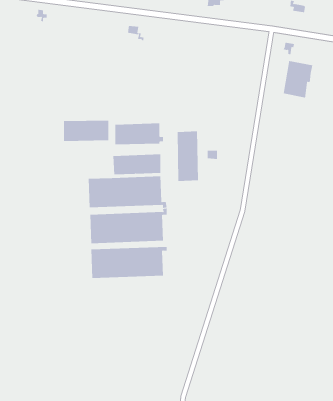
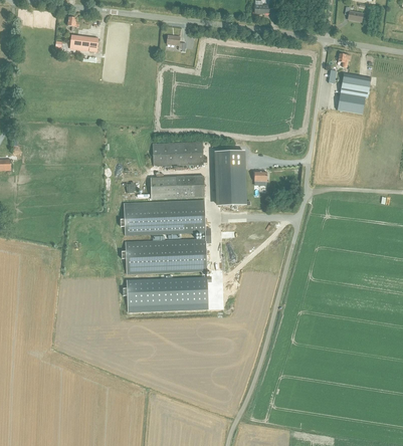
building: none -> [69,34,98,51]
building: [63,120,109,142] -> none

